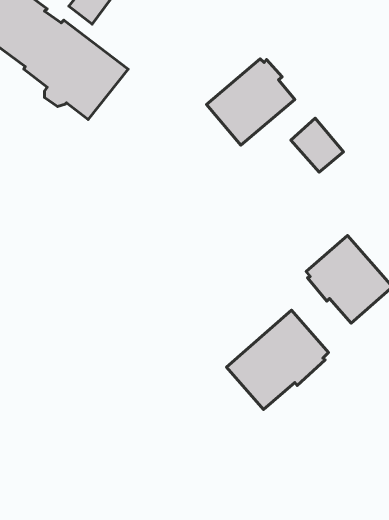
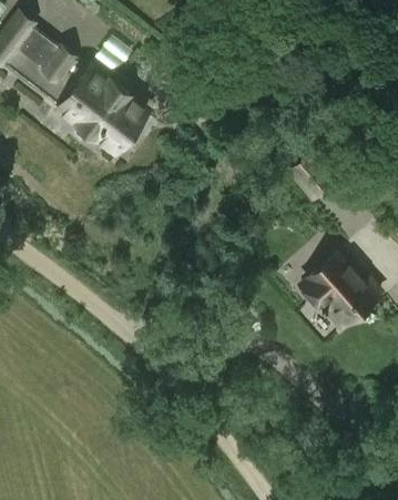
building: [206,59,295,145] -> none
building: [226,310,328,409] -> none

